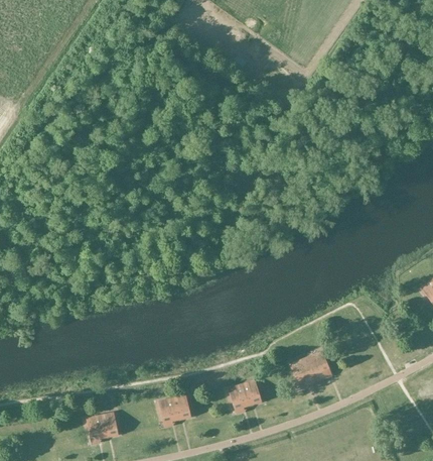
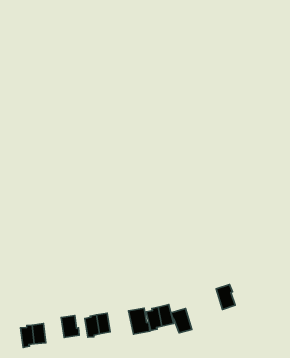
building: [290,358,315,386] -> [171,309,192,333]
building: none -> [129,308,150,334]
building: none -> [61,316,79,337]

